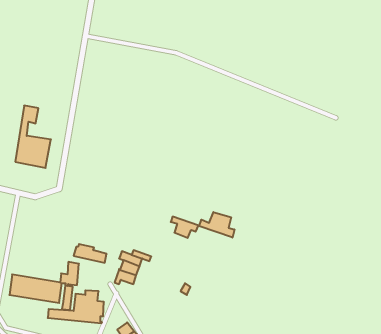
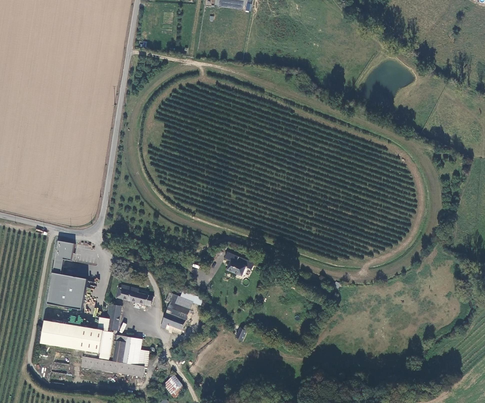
building: [15,106,51,168] -> [48,240,88,310]
building: [199,212,234,238] -> none

